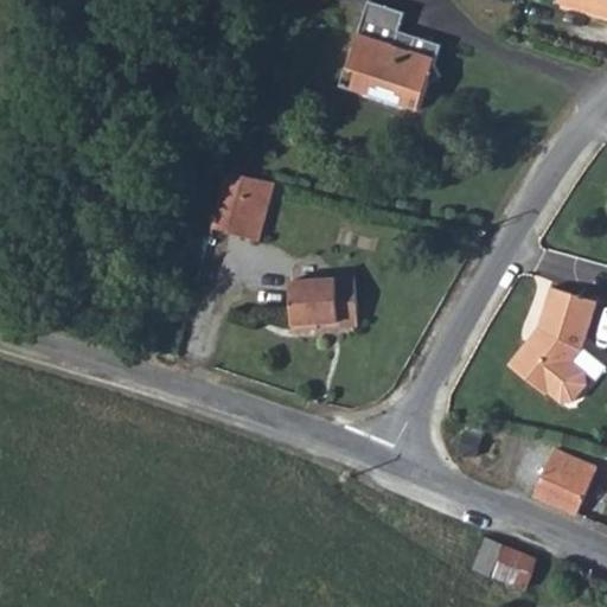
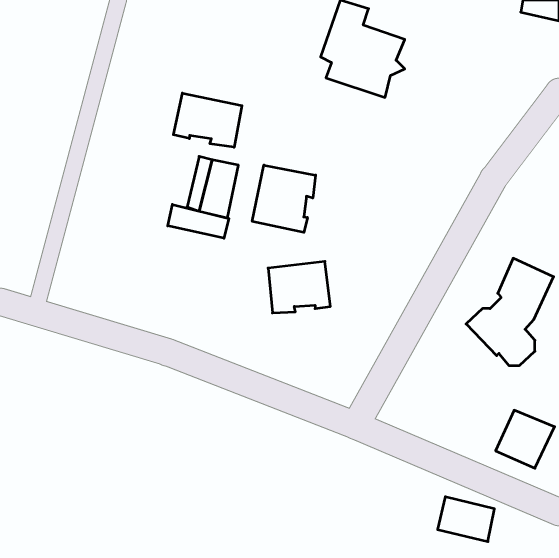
building: none -> [173,93,242,147]
building: none -> [252,165,316,232]
building: none -> [168,204,229,238]

